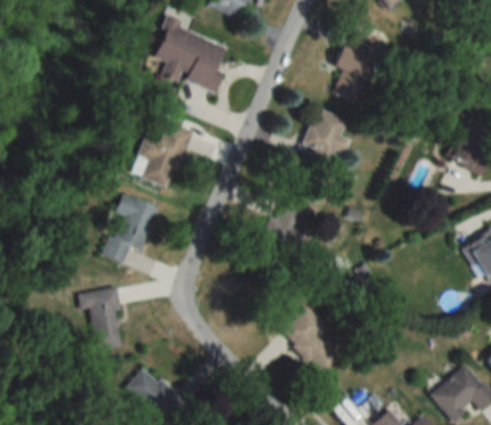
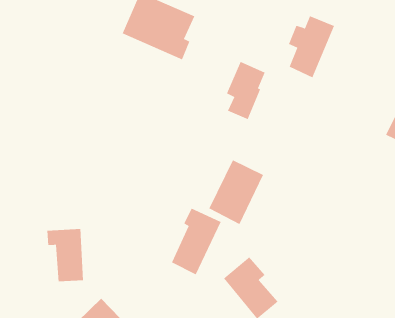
building: [306,107,348,172] -> [226,61,265,120]
building: [132,119,193,187] -> none
building: [106,193,158,268] -> [171,208,222,275]

